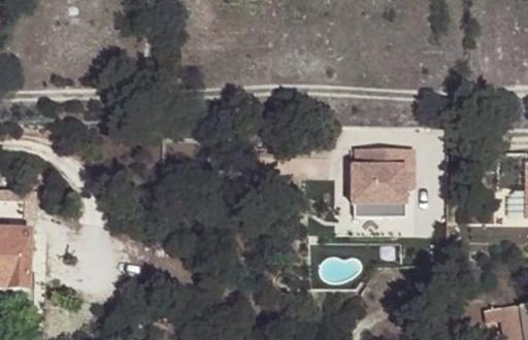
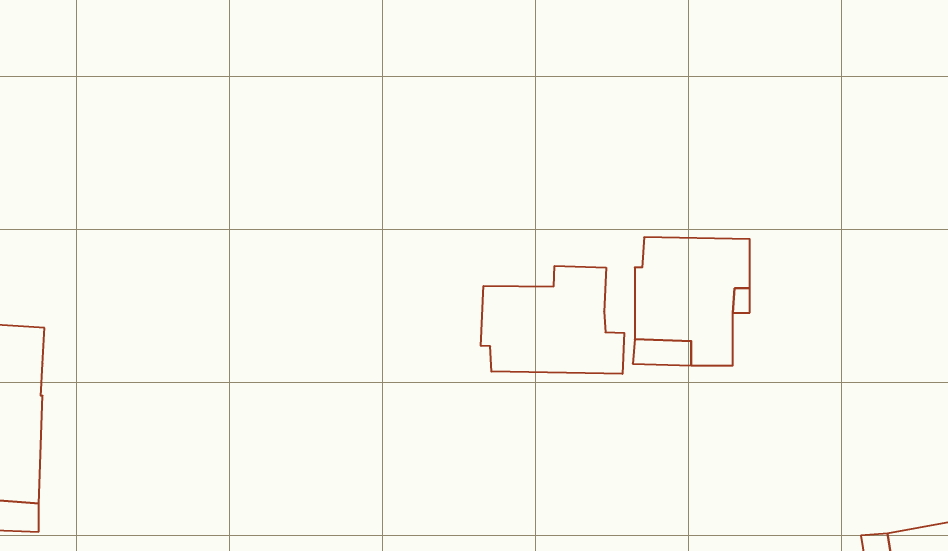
building: none -> [481,266,624,374]

